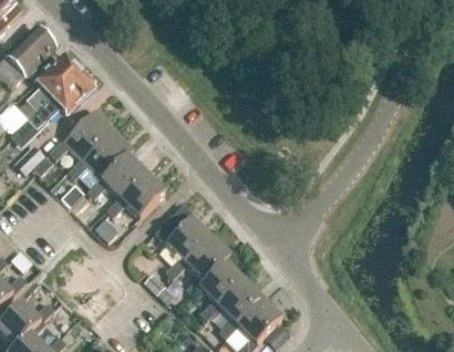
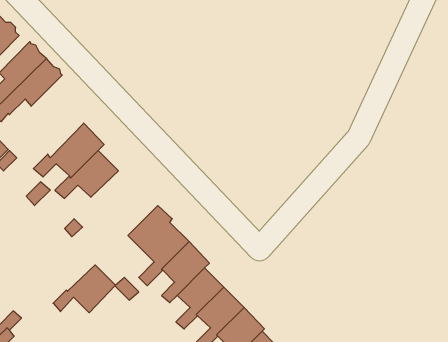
building: [50,111,114,162] -> none
building: [107,174,165,218] -> [53,265,115,313]

